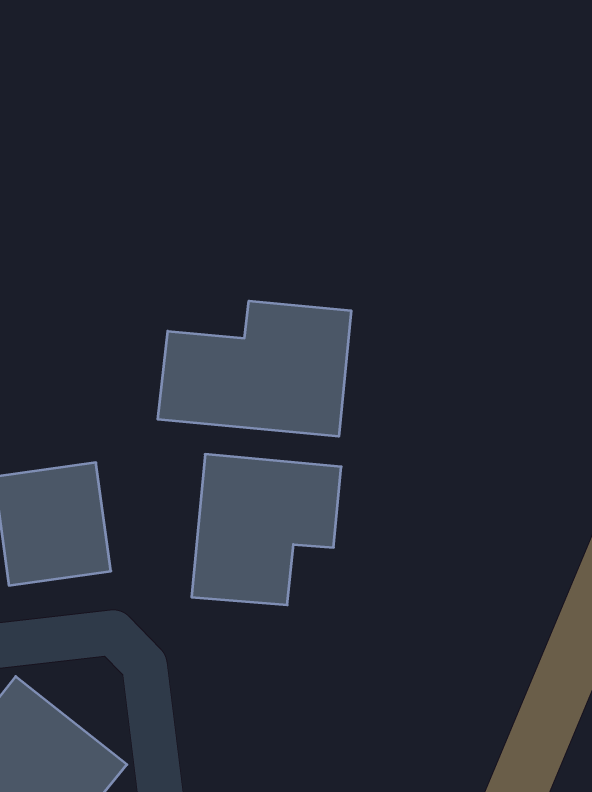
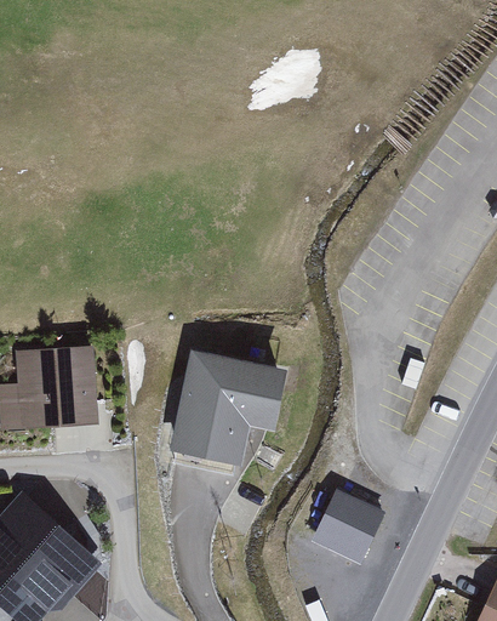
building: [158,301,351,436] -> none
building: none -> [301,484,385,565]

